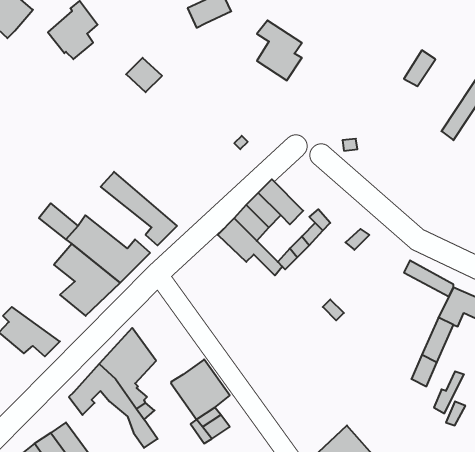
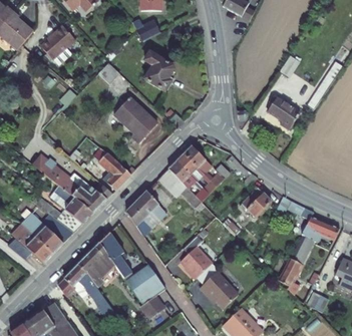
building: [257,20,302,80] -> [142,50,172,90]
building: none -> [110,97,154,143]
building: none -> [269,101,299,132]
building: none -> [124,189,164,235]
building: none -> [239,189,270,218]
building: none -> [17,208,66,250]
building: none -> [97,230,131,277]
building: none -> [177,241,208,280]
building: none -> [196,273,235,311]

